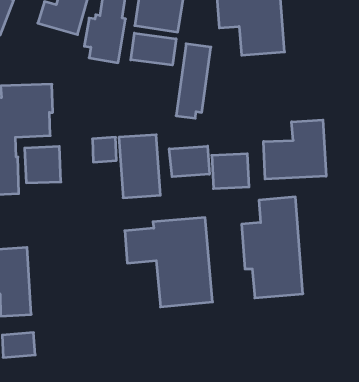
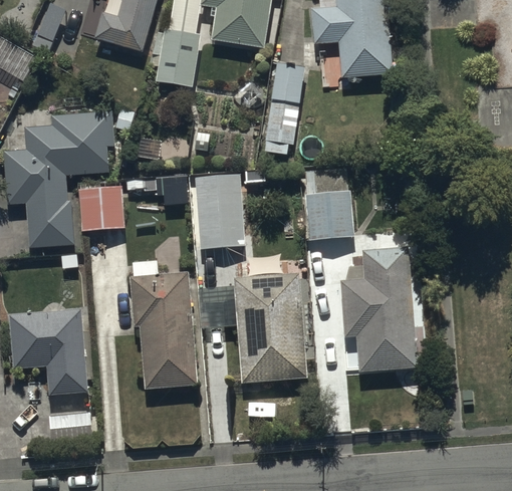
building: [131,33,176,65] -> none
building: [264,120,326,179] -> none
building: [169,146,209,177] -> none
building: none -> [130,260,196,388]

